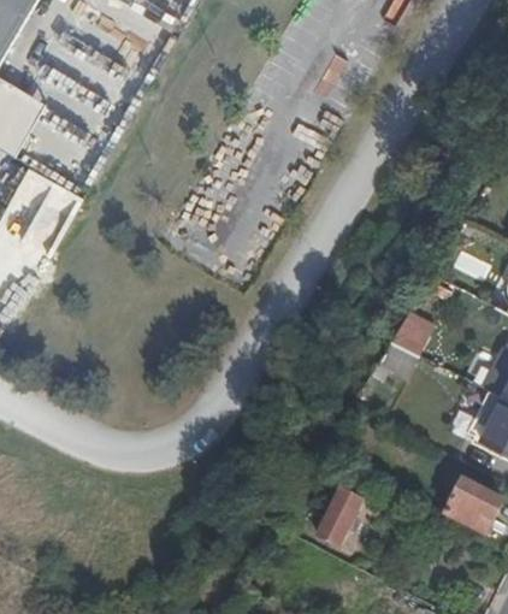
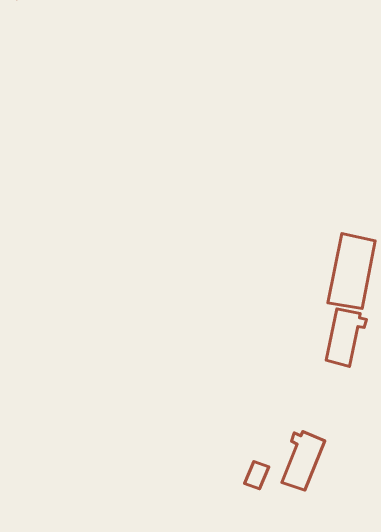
building: none -> [326,309,367,367]

